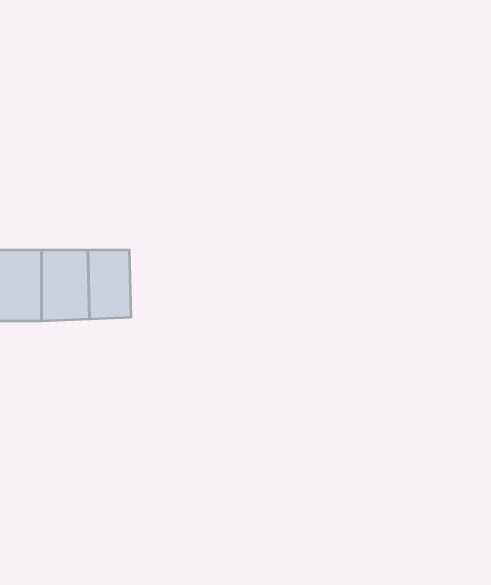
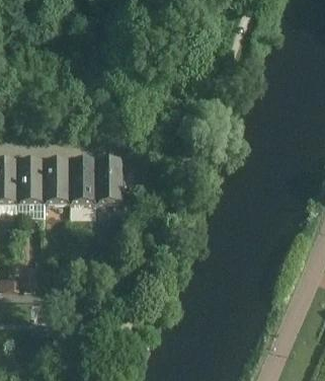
building: none -> [99,163,126,204]

